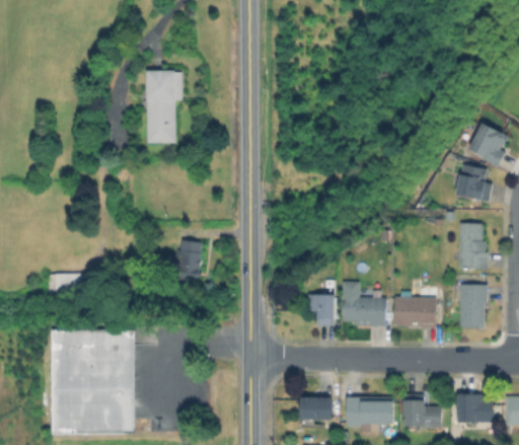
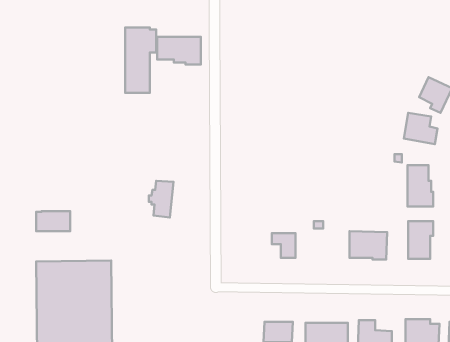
building: none -> [157,37,201,64]
building: [343,296,386,325] -> none

